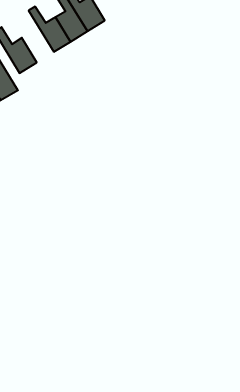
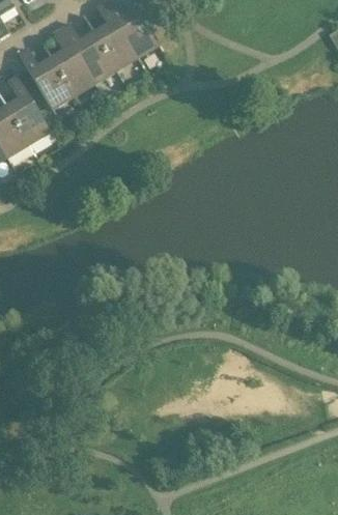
building: none -> [54,28,94,93]

